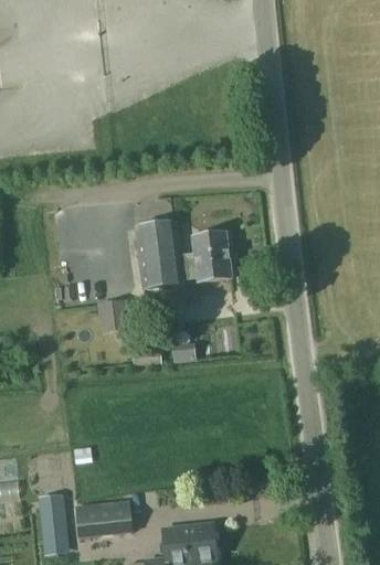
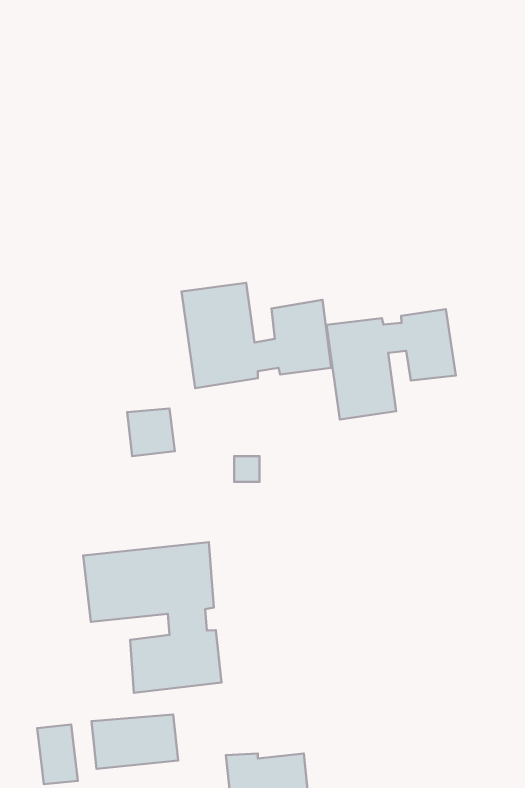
building: none -> [326,309,456,420]
building: none -> [83,542,222,693]

